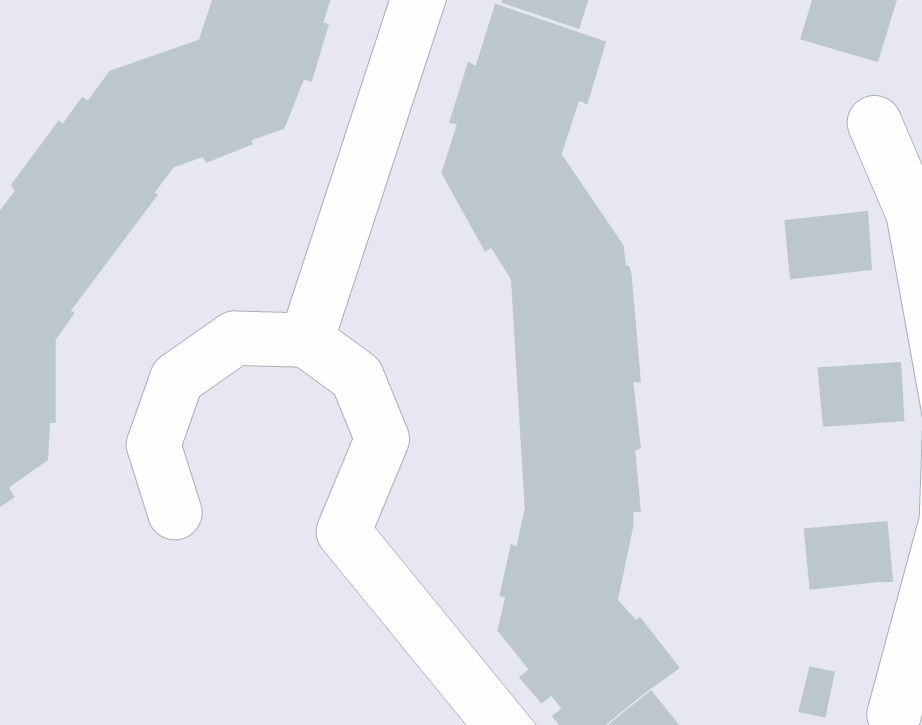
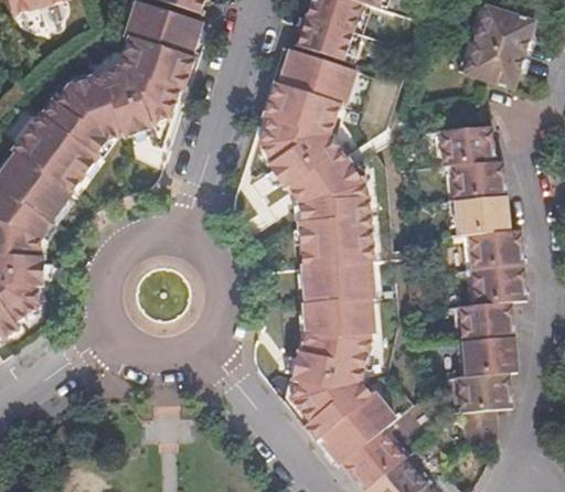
building: none -> [443,132,493,170]
building: none -> [470,214,521,253]
building: none -> [462,304,513,344]
building: none -> [459,375,511,415]

